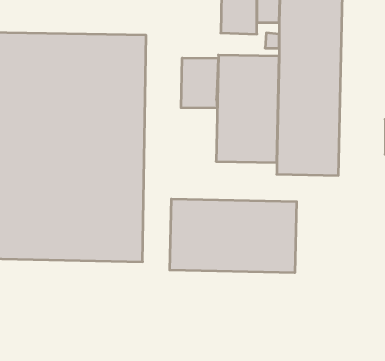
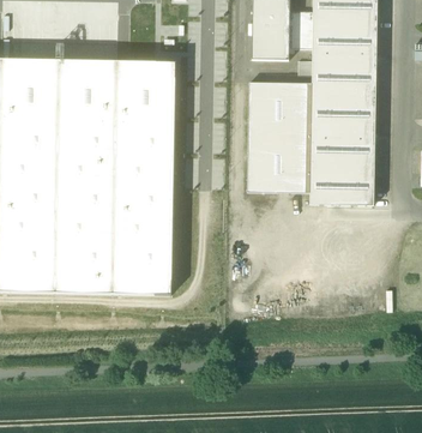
building: [181,58,218,108] -> none
building: [170,199,297,273] -> none

